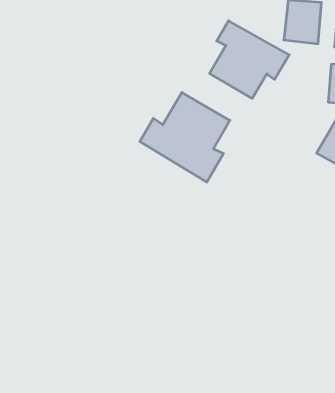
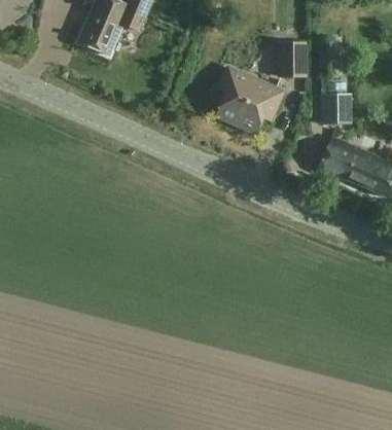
building: [140,92,230,182] -> none

